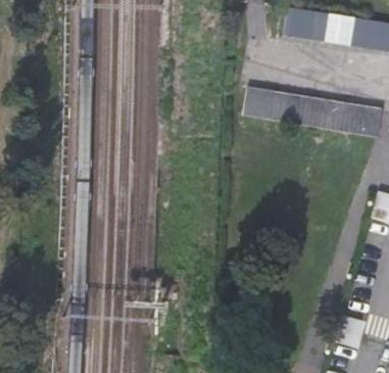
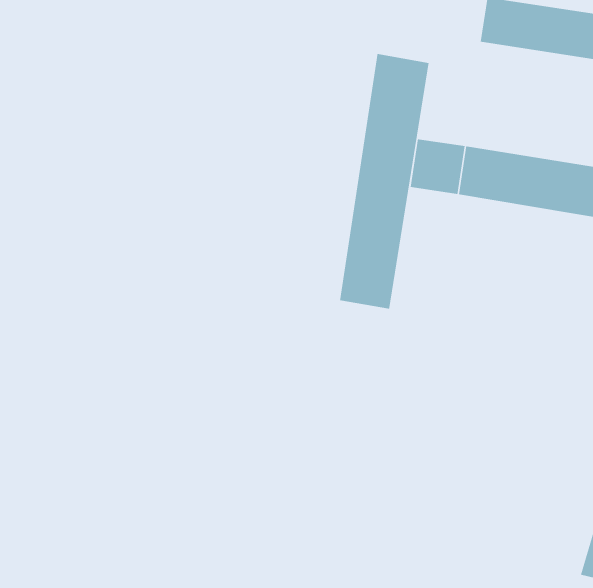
building: none -> [339,53,429,310]

